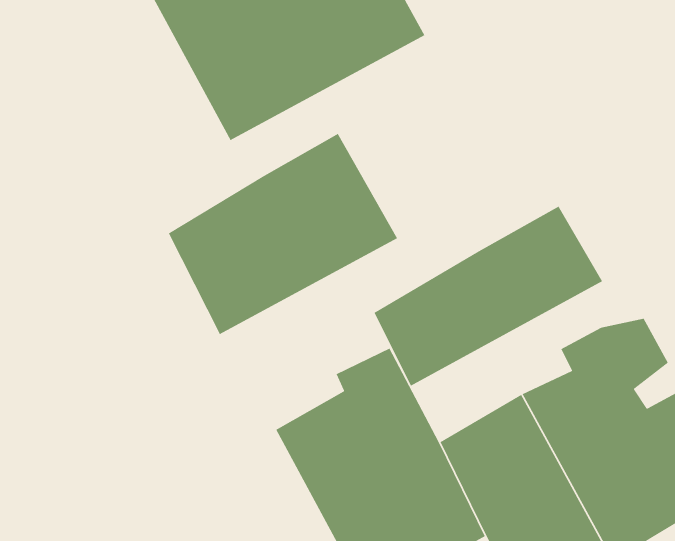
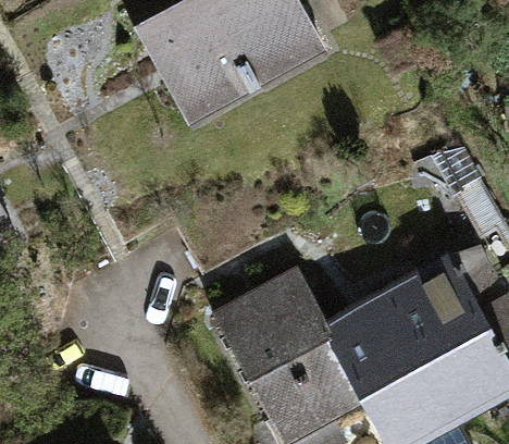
building: [168,133,398,335] -> none
building: [374,205,603,387] -> none

